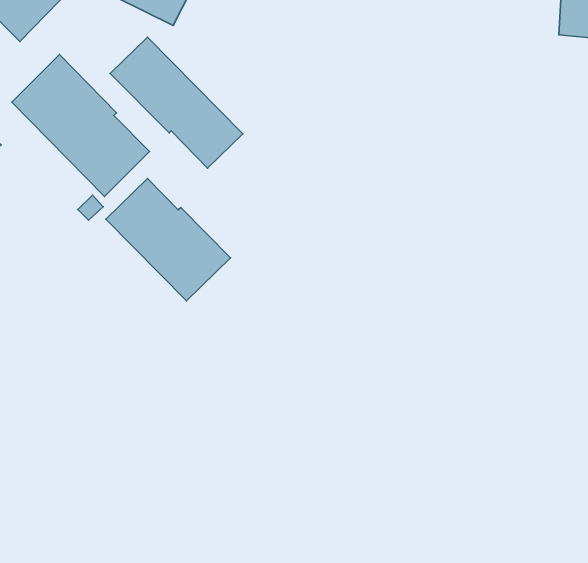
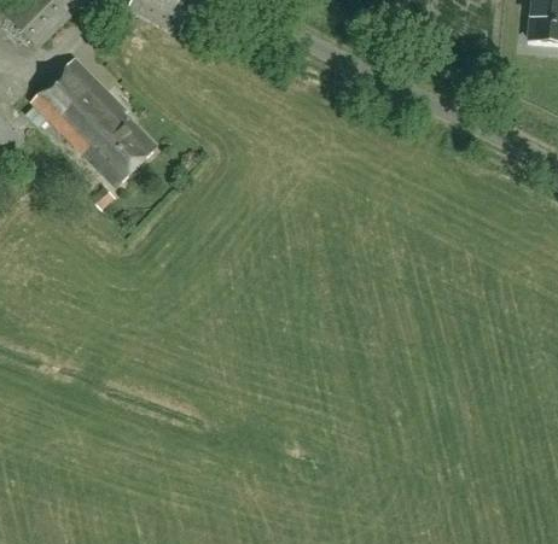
building: [110,37,243,168] -> none
building: [106,178,231,301] -> none

